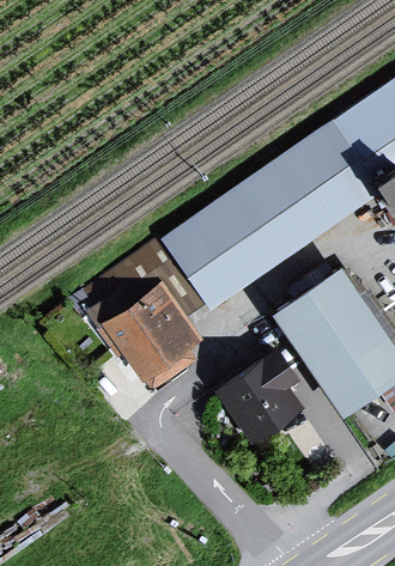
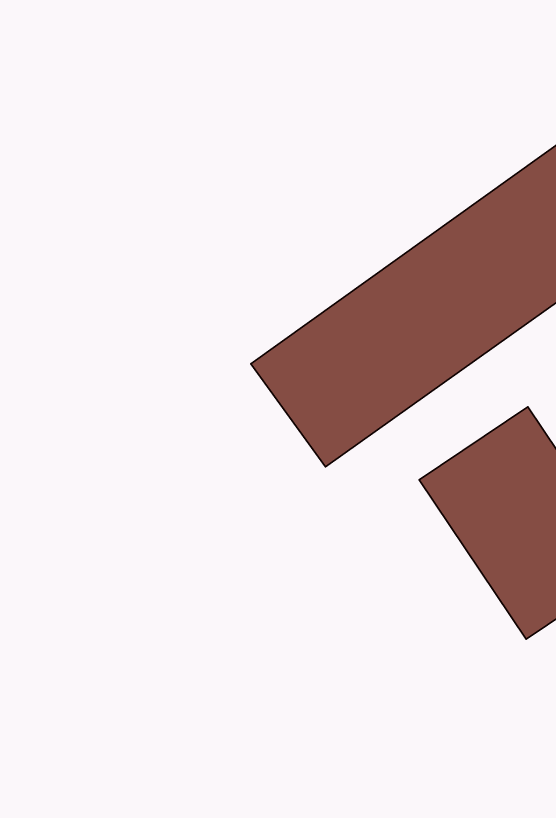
building: [87,268,211,396] -> none
building: [214,349,304,445] -> none

